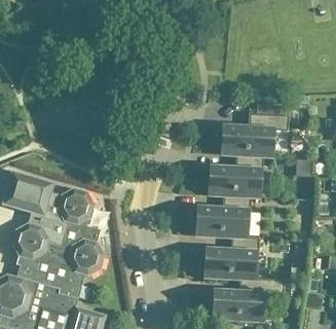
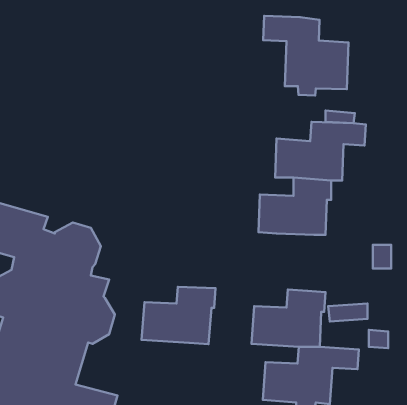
building: none -> [263,16,348,95]
building: [197,195,252,237] -> [142,287,216,344]

